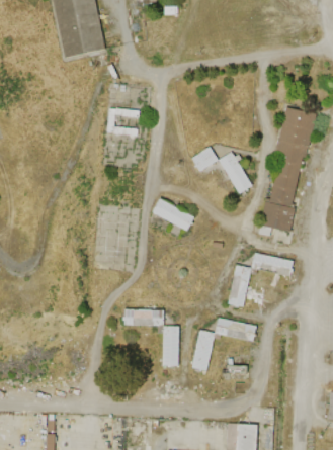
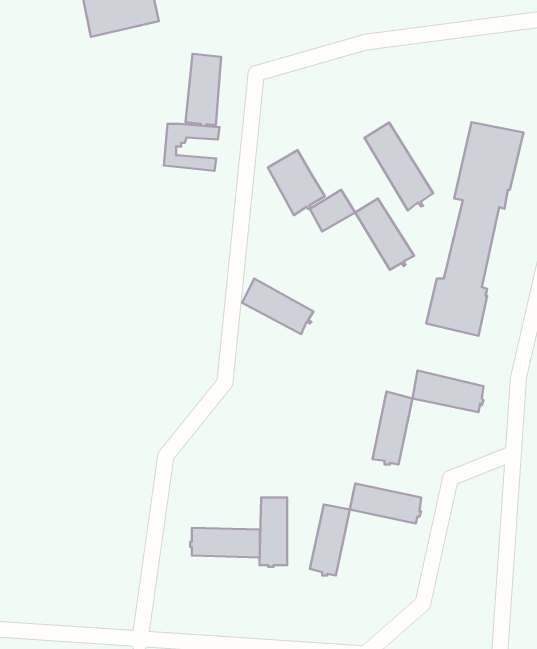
building: none -> [186,54,221,126]
building: none -> [364,123,433,210]
building: none -> [268,150,325,215]
building: [123,308,164,326] -> [190,528,260,557]

